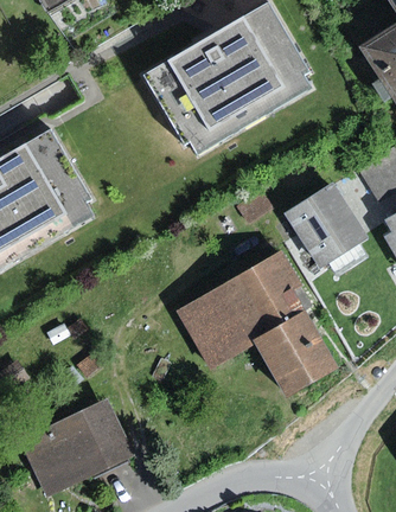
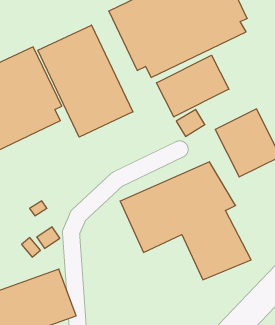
building: none -> [38,25,133,137]
building: none -> [156,55,229,117]

